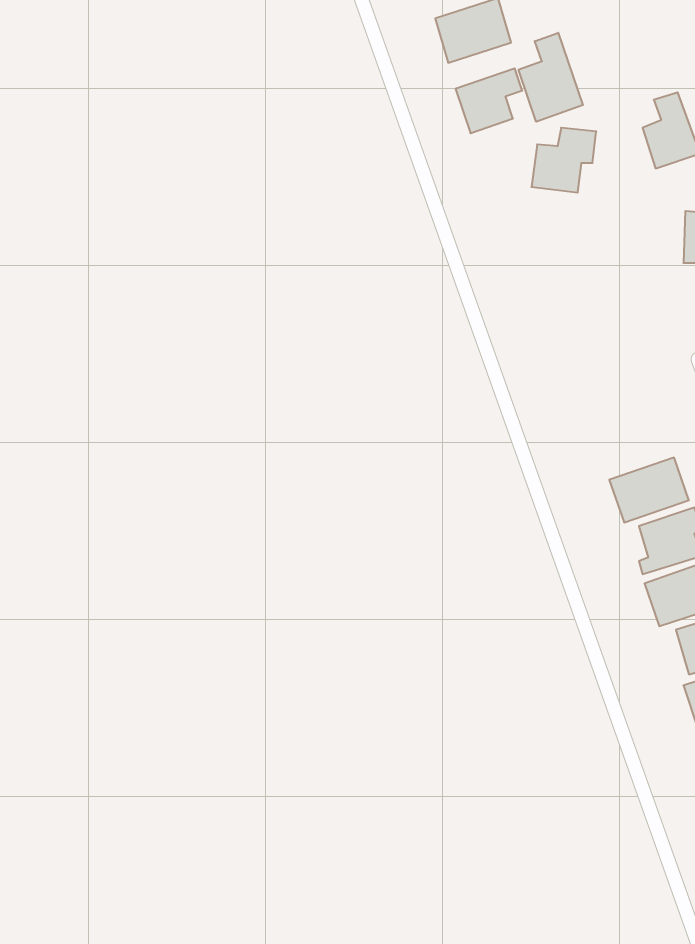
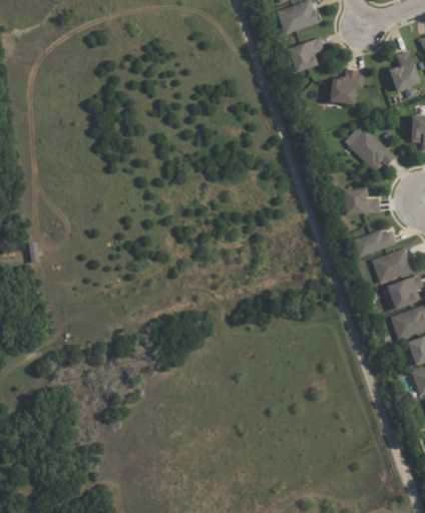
building: [519,33,583,122] -> none
building: none -> [343,123,395,171]
building: none -> [344,187,379,213]
building: none -> [353,228,396,256]

